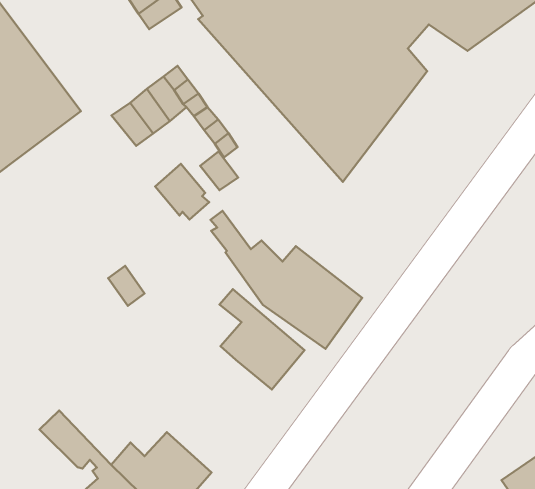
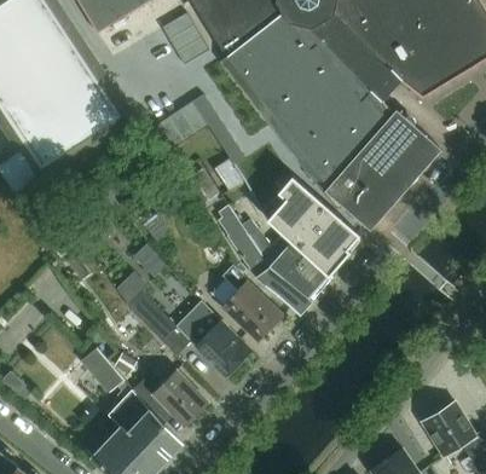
building: none -> [322,109,440,230]
building: none -> [261,178,360,274]
building: none -> [126,289,250,376]

